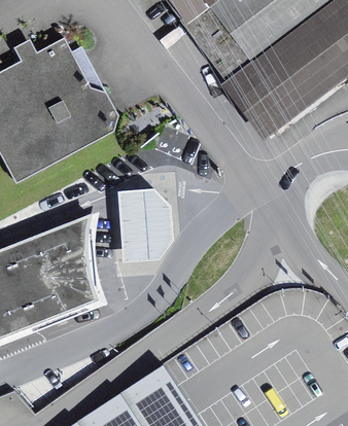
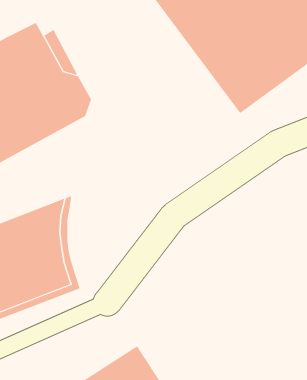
building: [115,187,169,259] -> none

